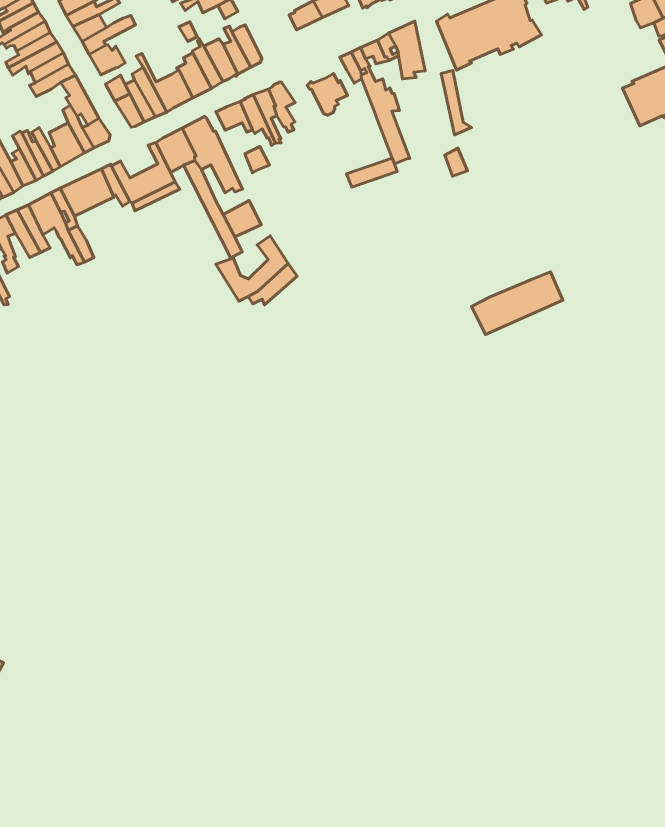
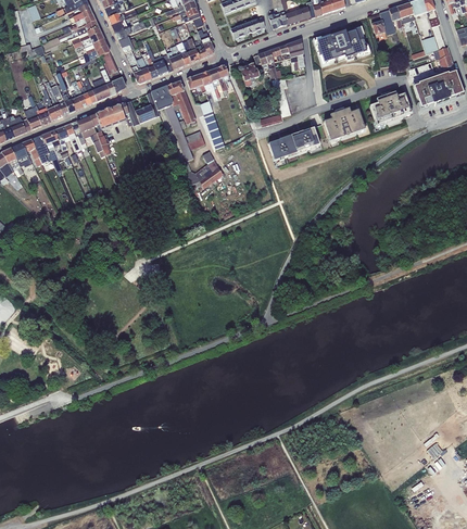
building: none -> [369,92,411,123]
building: none -> [324,108,365,141]
building: [471,272,563,335] -> [268,128,319,160]

